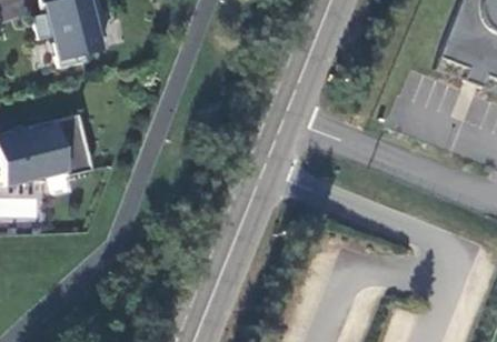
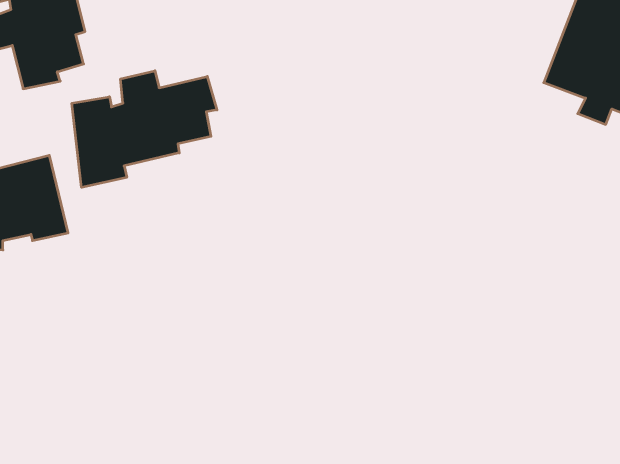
building: none -> [72,71,217,187]

